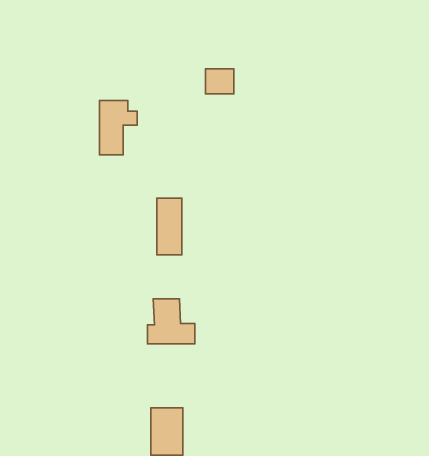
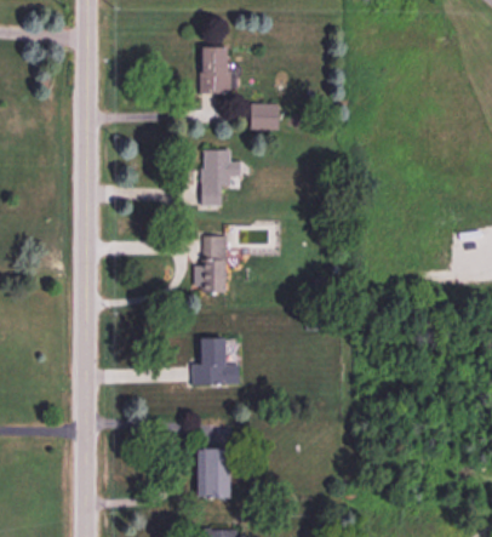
building: none -> [200,46,229,92]
building: [99,100,137,155] -> [201,149,240,205]

